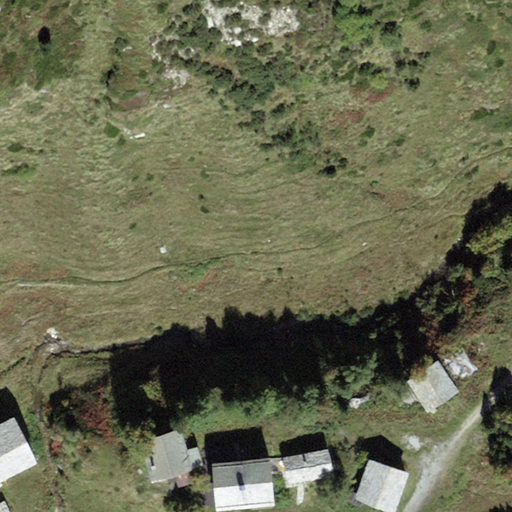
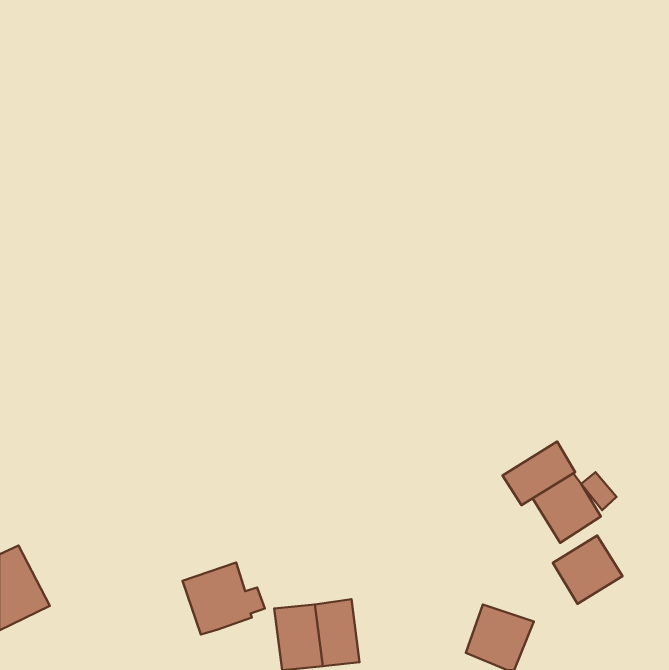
building: none -> [502,442,575,505]
building: none -> [553,536,623,604]
building: [282,449,334,486] -> none

